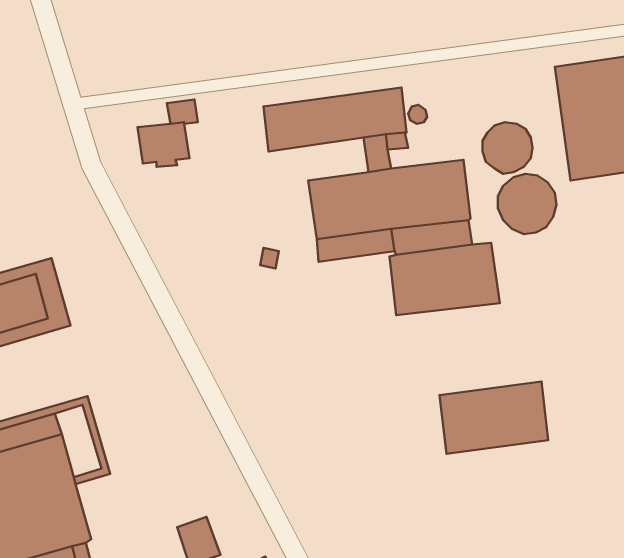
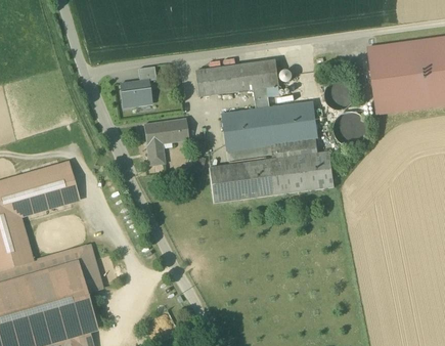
building: none -> [143,119,188,166]
building: [440,382,548,454] -> [209,160,273,203]
building: none -> [71,248,98,291]

